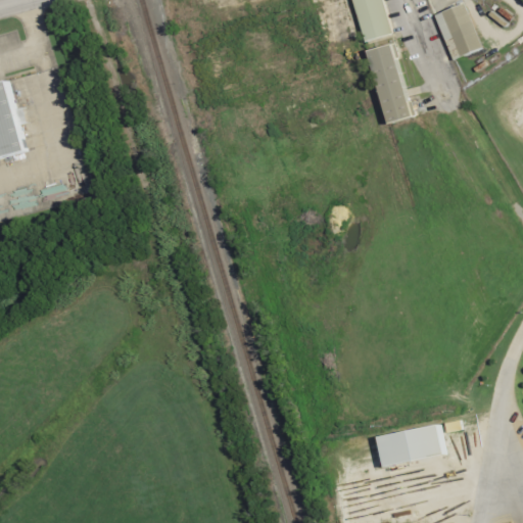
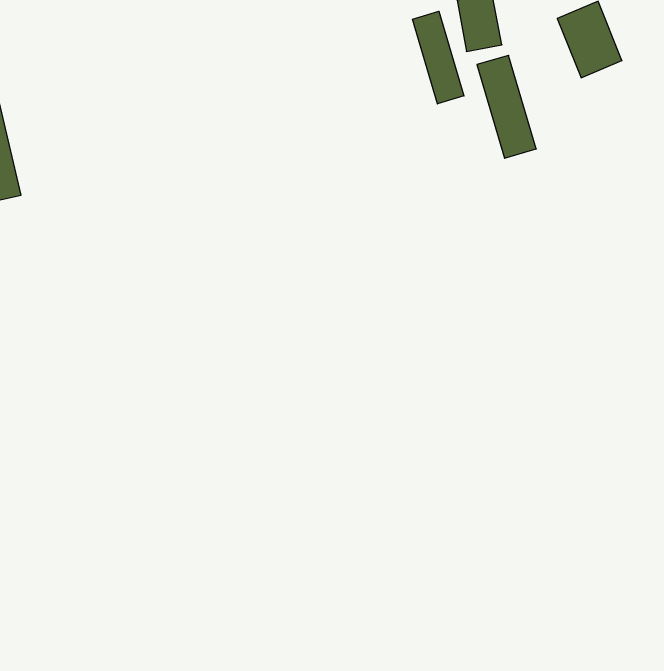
building: none -> [412,11,464,104]
building: [375,424,448,465] -> none

